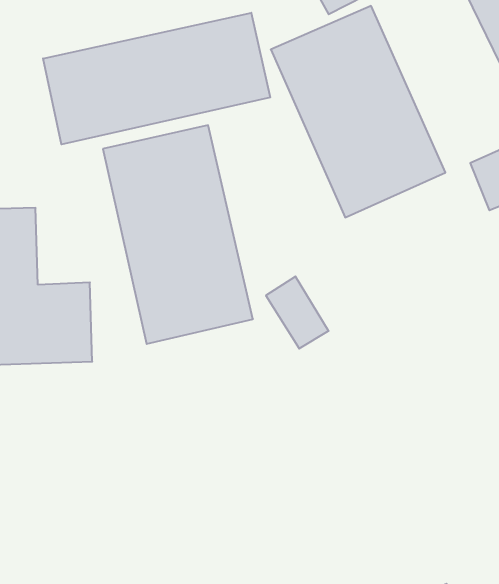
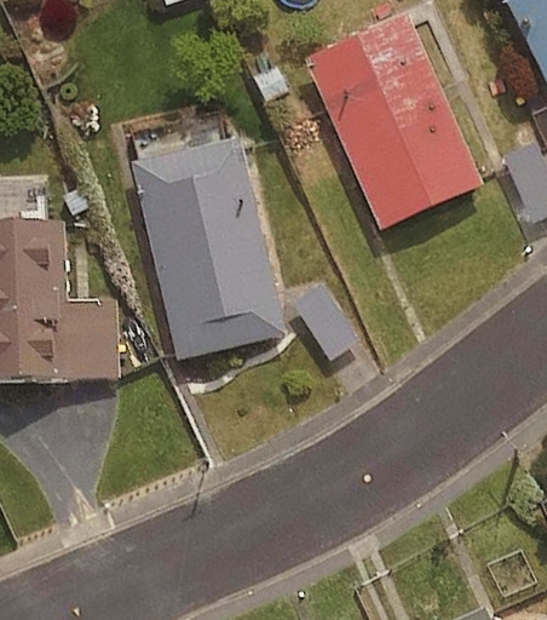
building: [43,13,270,144] -> none

